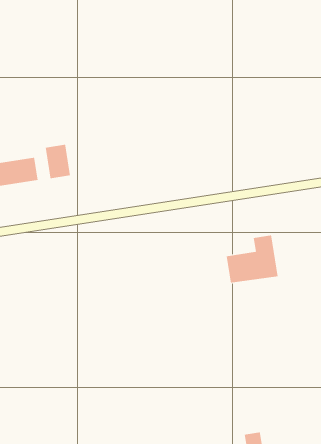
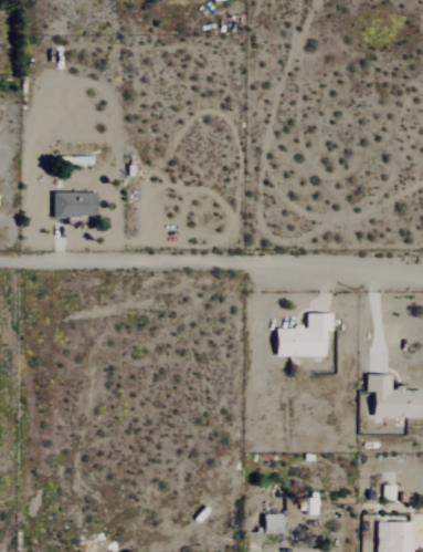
building: [45,144,71,179] -> none

